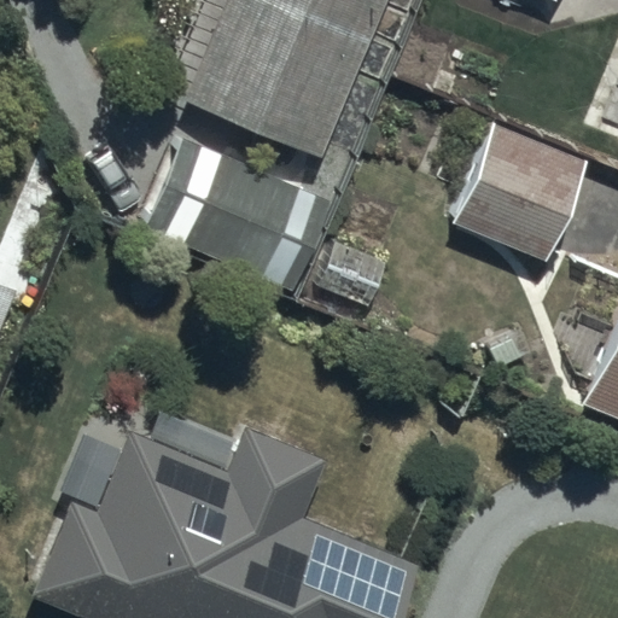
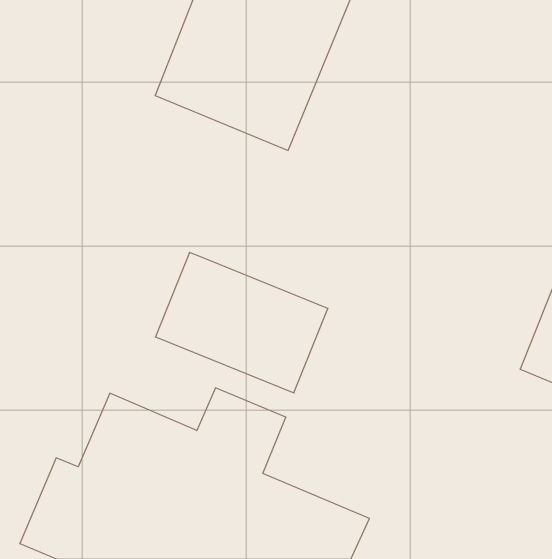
building: [455,123,589,263] -> none
building: [145,138,334,292] -> [155,252,328,393]

